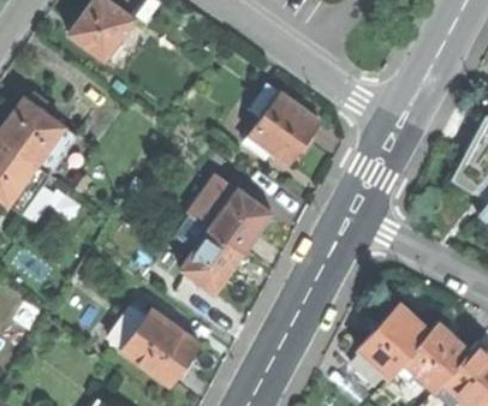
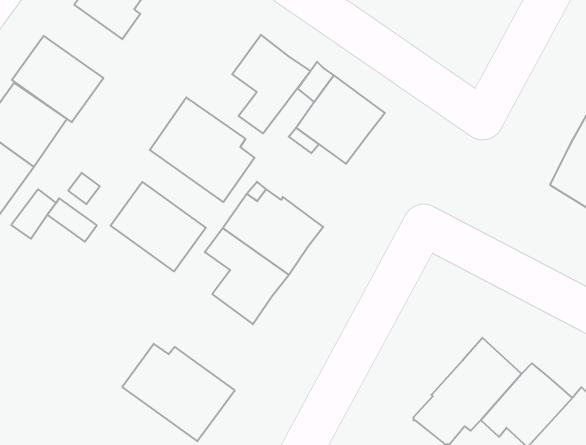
building: none -> [232,35,310,133]
building: none -> [12,36,103,122]
building: none -> [150,97,255,202]
building: none -> [111,182,206,271]

